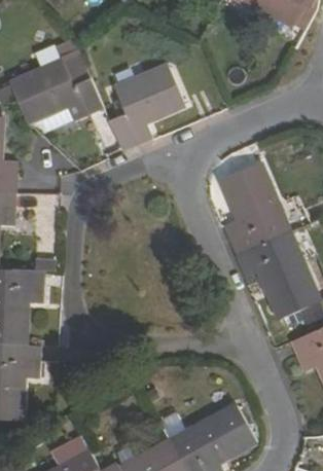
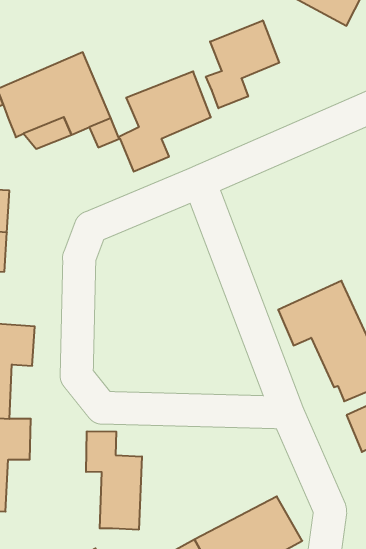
building: none -> [206,20,279,108]
building: [220,161,298,255] -> none
building: none -> [86,431,142,530]

